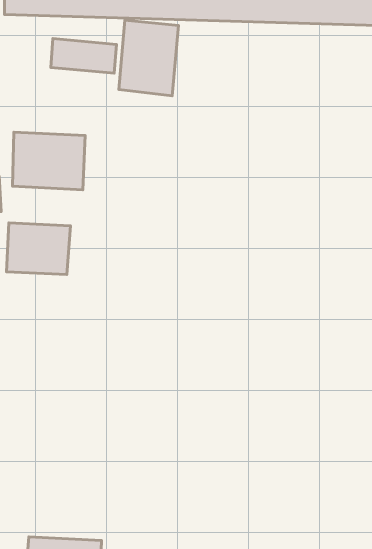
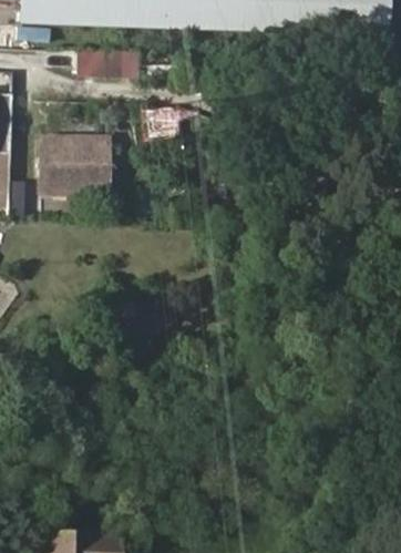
building: [119,20,178,96] -> none
building: [6,223,70,275] -> none

